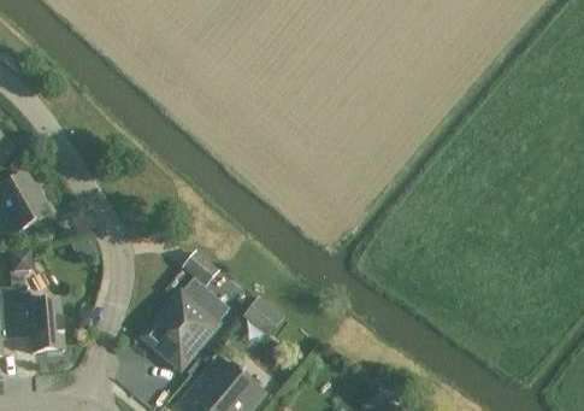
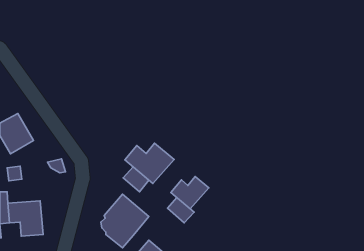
building: none -> [125,143,174,184]
building: none -> [171,176,209,209]

